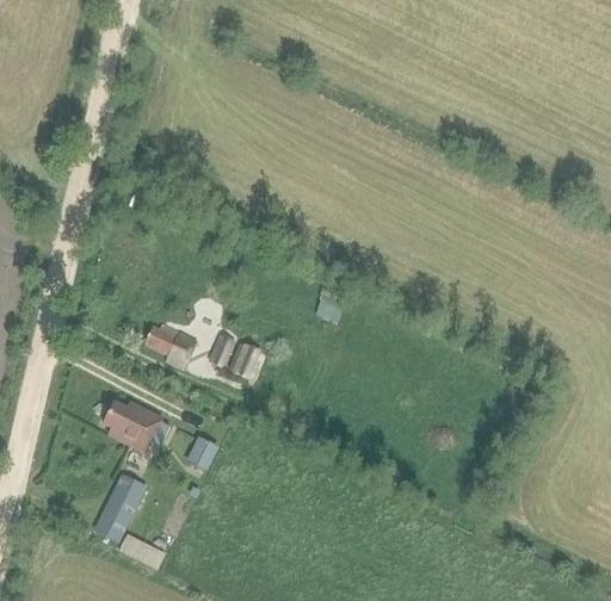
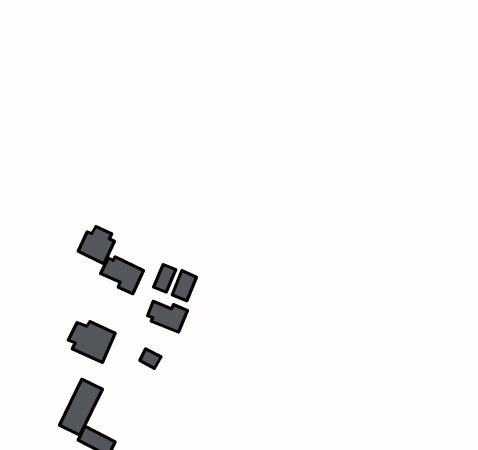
building: none -> [78,227,115,264]
building: none -> [148,301,188,332]

